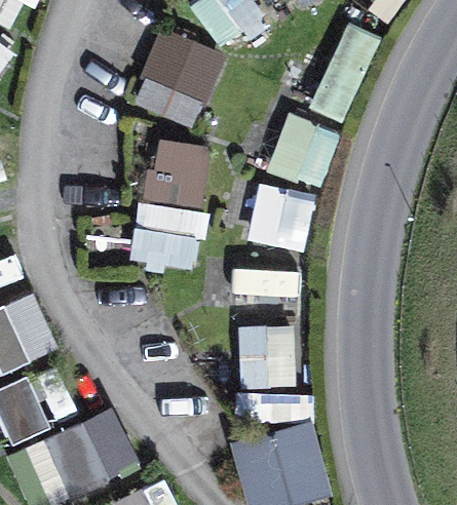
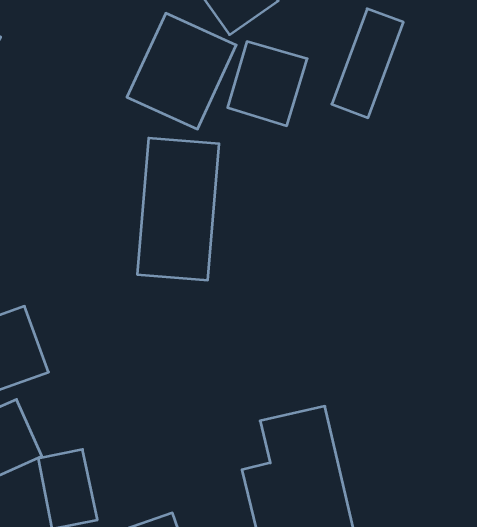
building: [267,115,339,191] -> [228,42,307,126]
building: [246,181,316,252] -> none
building: [238,326,297,387] -> none

